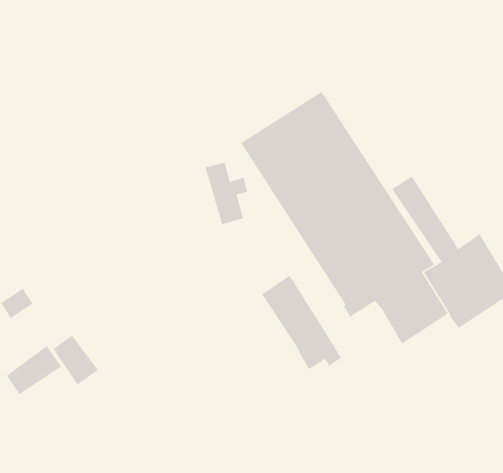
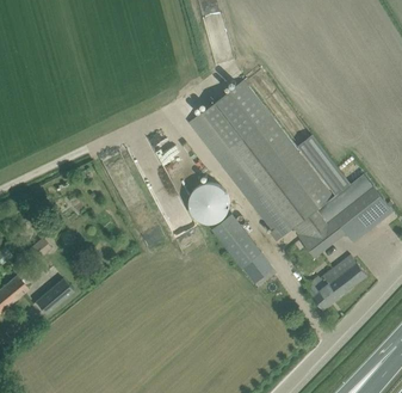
building: none -> [187,178,231,225]
building: [52,335,99,386] -> none
building: none -> [311,253,366,309]

